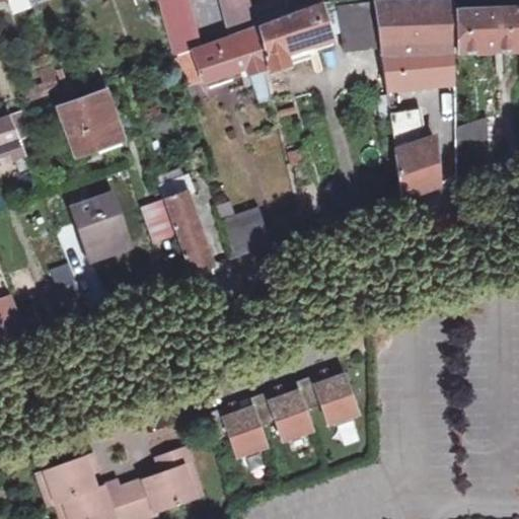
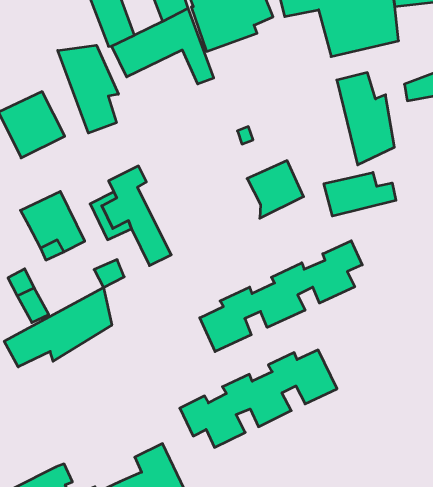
building: none -> [58,45,118,133]
building: none -> [324,172,396,216]
building: [220,208,273,261] -> [247,161,304,218]
building: none -> [200,241,362,352]
building: none -> [4,287,112,367]

